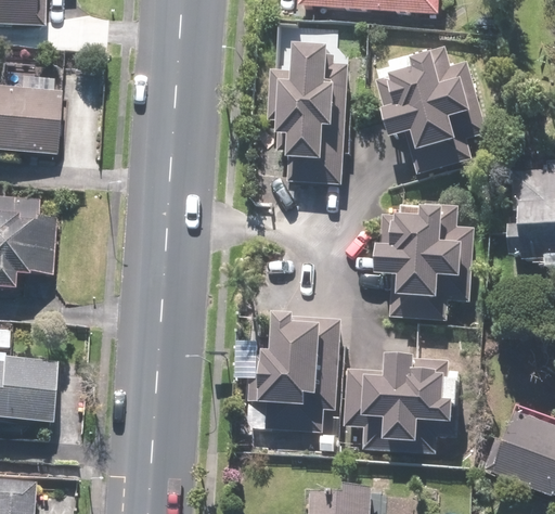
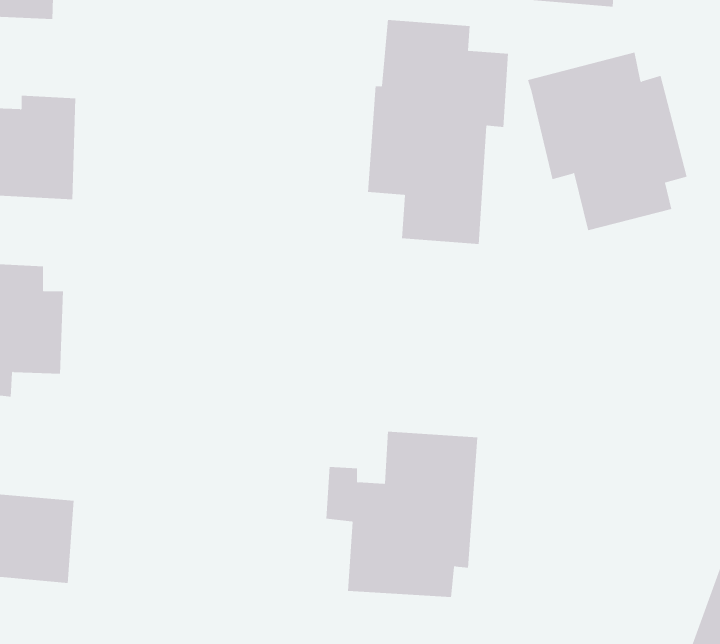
building: [382,202,475,321] -> none
building: [343,358,463,452] -> none

